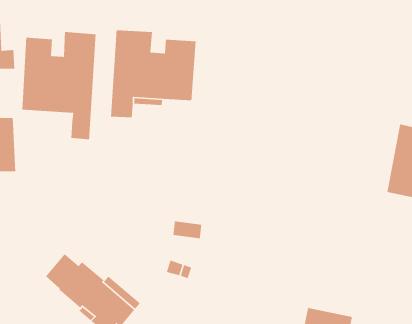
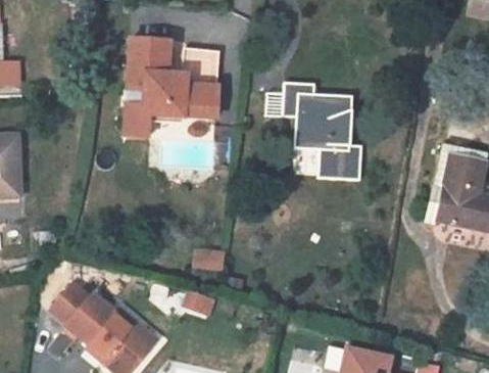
building: [21,31,97,140] -> none
building: none -> [283,83,362,181]

